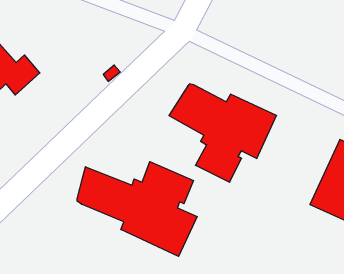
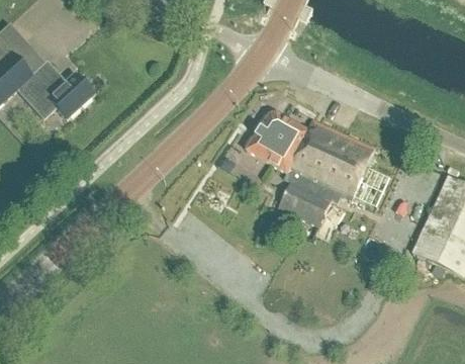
building: [77,162,197,256] -> none

